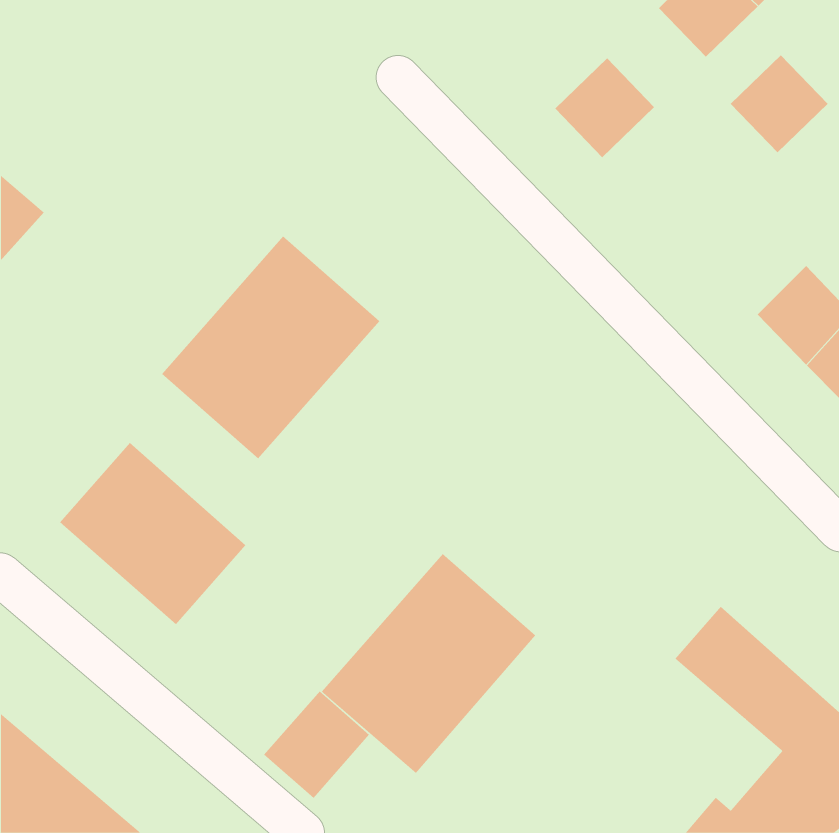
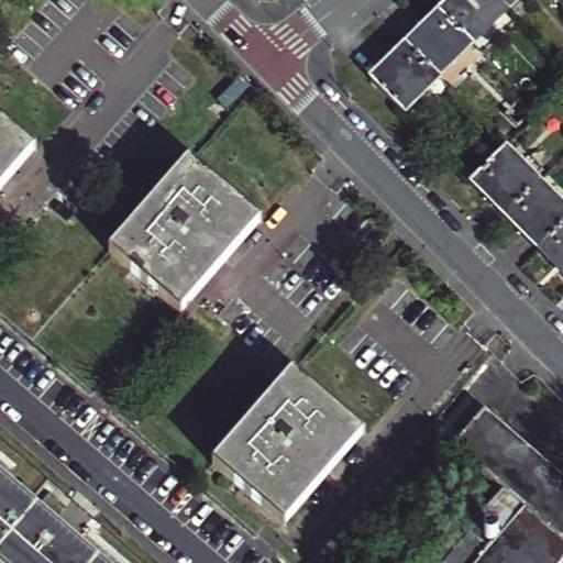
building: [730,54,828,153] -> [407,5,473,71]
building: none -> [473,144,540,210]
building: [59,442,246,625] -> none
building: [263,690,370,799] -> none

